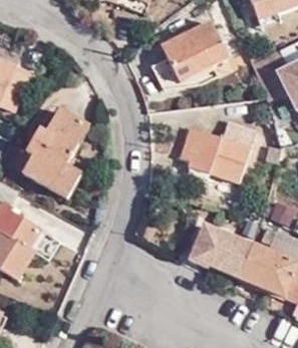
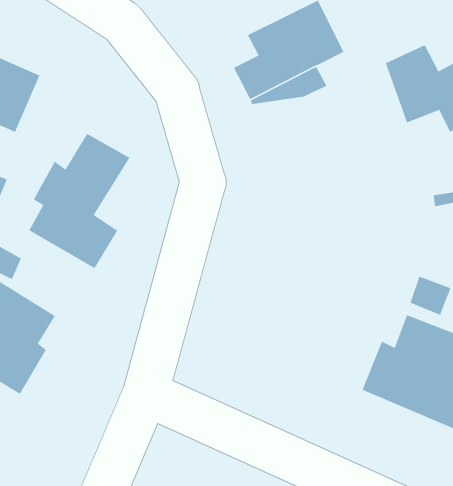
building: [181,122,256,181] -> none
building: [189,225,251,276] -> none

